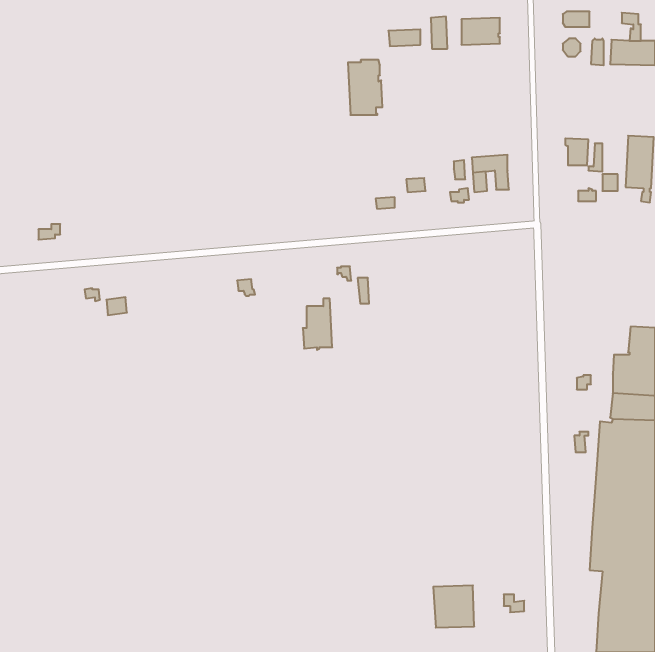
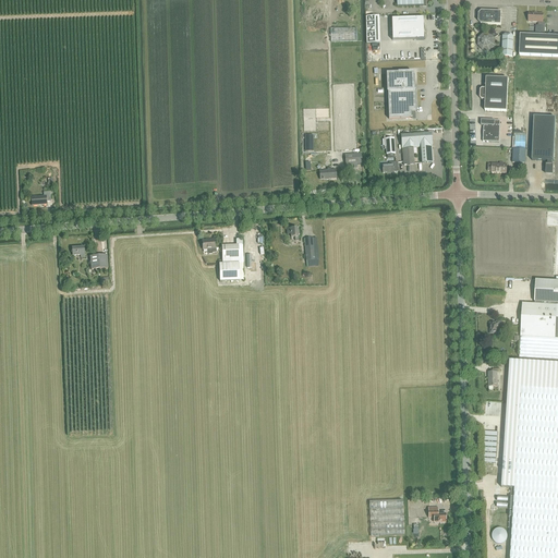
building: [348,60,382,115] -> [387,70,416,117]
building: none -> [480,76,508,110]
building: [303,299,332,350] -> [219,238,244,281]

